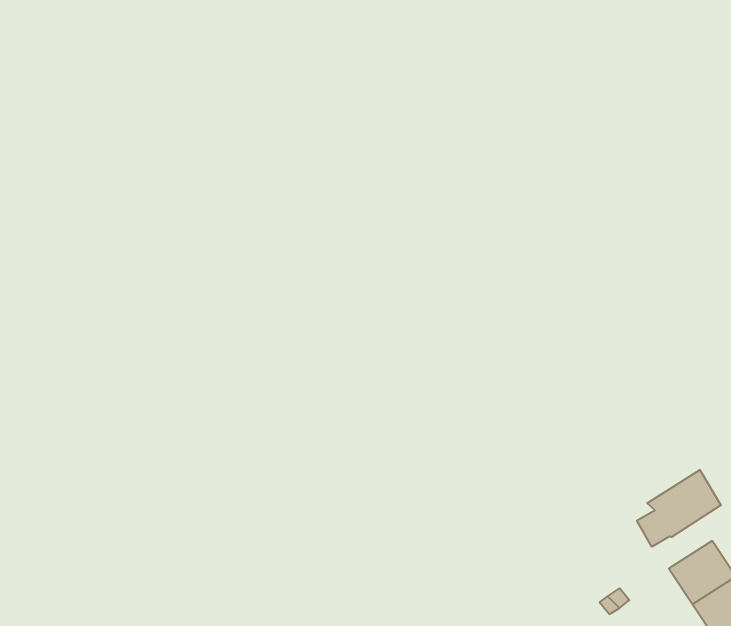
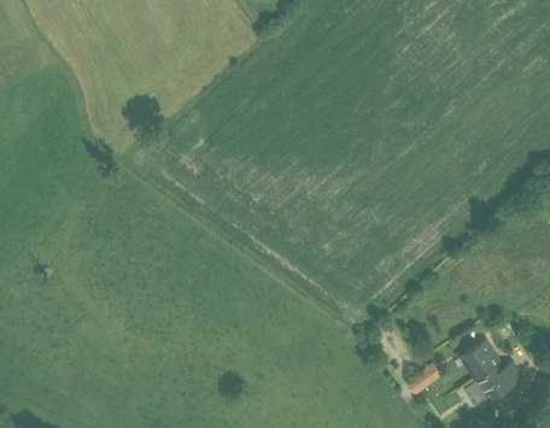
building: [637,470,721,547] -> none

